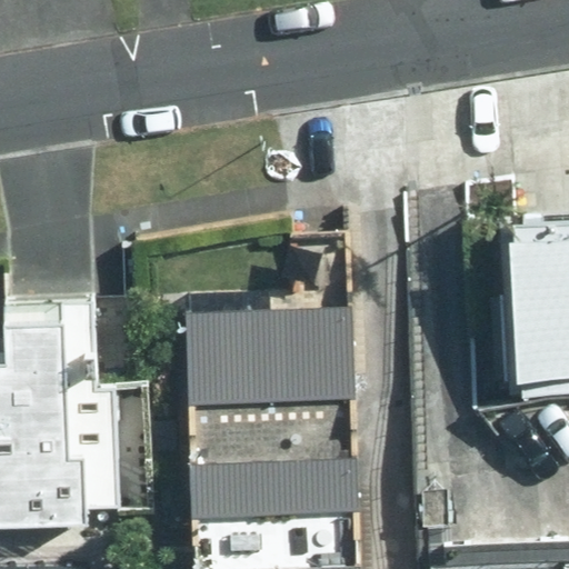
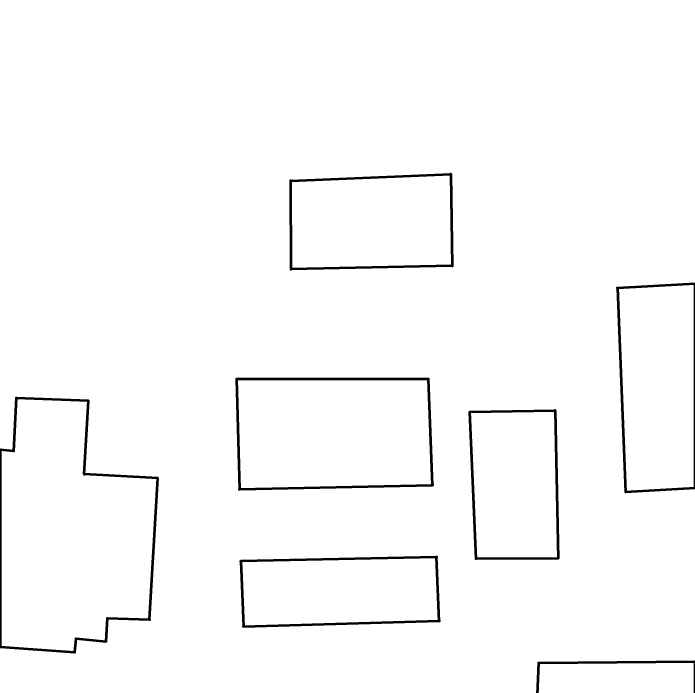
building: none -> [291,174,452,269]
building: none -> [470,410,558,559]

